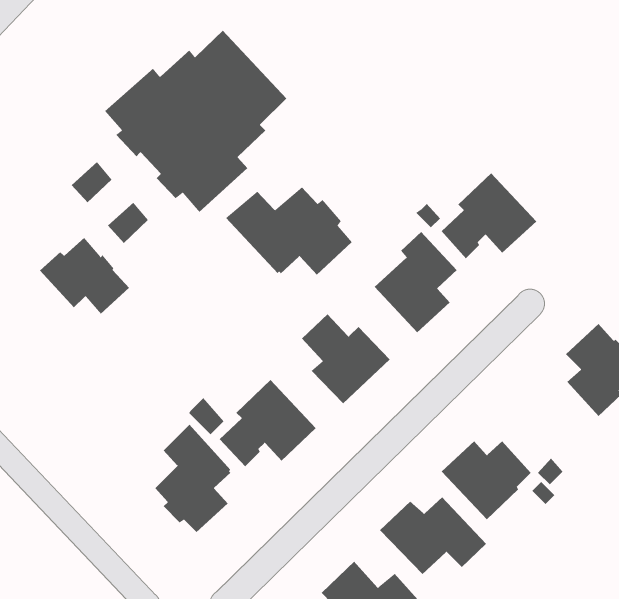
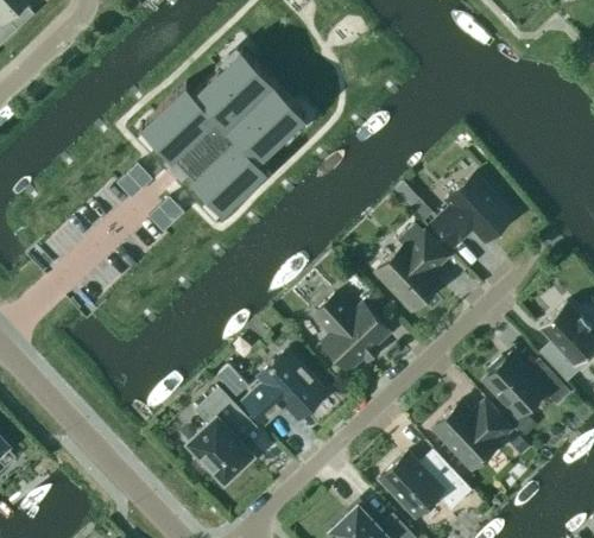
building: [225,187,352,275] -> none
building: [39,237,130,315] -> none
building: none -> [484,354,569,417]

